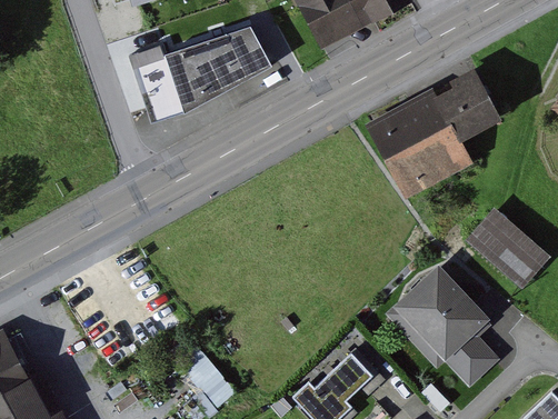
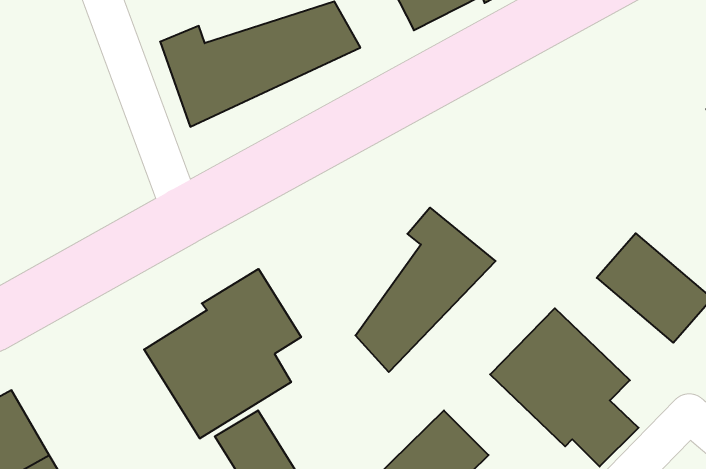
building: [373,68,508,193] -> none
building: none -> [355,208,496,372]
building: none -> [144,269,301,439]

